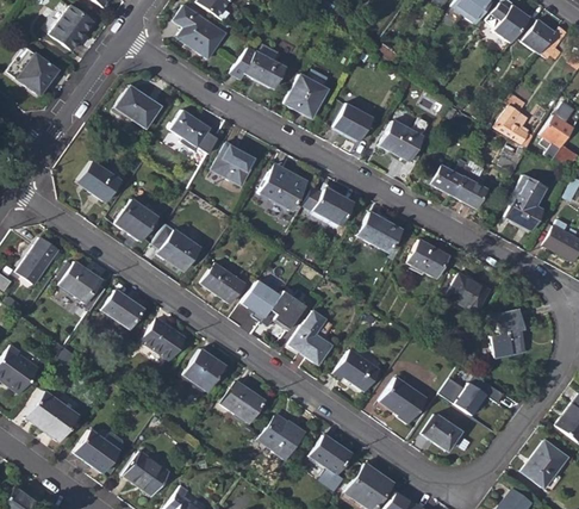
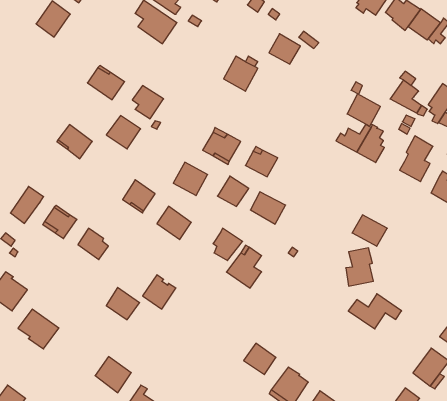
building: [244,43,284,88] -> none
building: [11,49,58,95] -> none
building: [332,103,372,141] -> [269,34,300,64]
building: [380,120,422,161] -> [347,94,380,126]
building: [212,143,255,185] -> [173,162,208,196]
building: [114,199,157,241] -> [106,116,141,149]
building: [357,212,401,253] -> [250,192,286,224]
building: [407,240,448,278] -> none
building: [242,279,281,317] -> [217,176,249,206]
building: [491,310,525,358] -> [346,248,373,286]
building: [143,318,185,359] -> [106,287,140,320]
building: [332,349,380,392] -> none
building: [380,377,427,424] -> none
building: [222,381,264,422] -> none
building: [423,414,461,451] -> none
building: [260,415,304,459] -> none
building: [74,428,124,471] -> none

